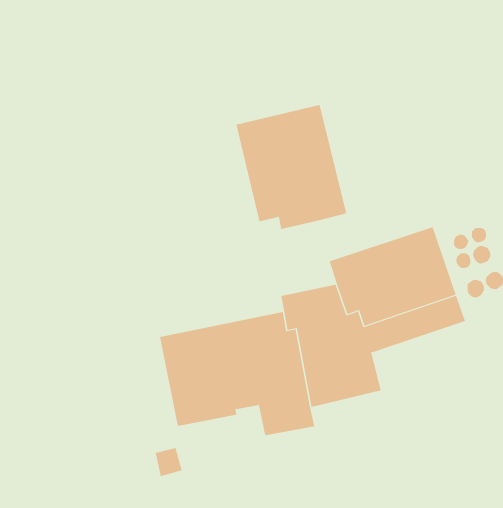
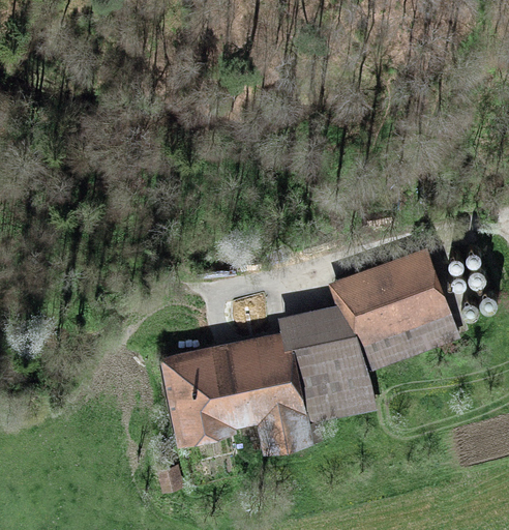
building: [236,104,347,230] -> none

